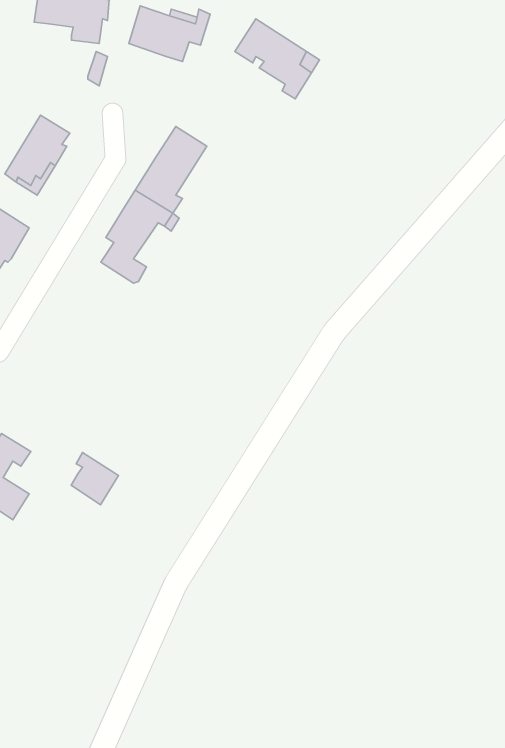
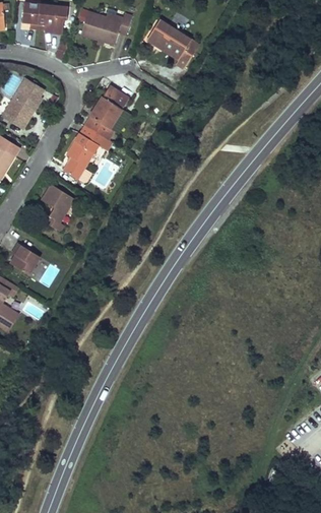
building: none -> [41,185,74,232]
building: [71,453,118,505] -> [10,243,40,275]

